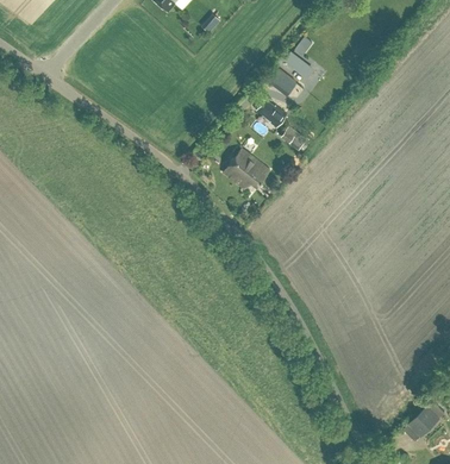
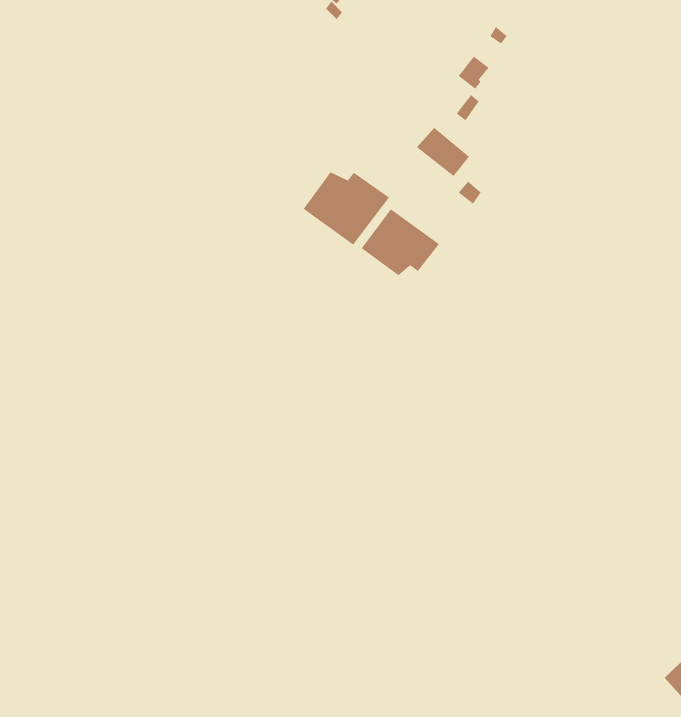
building: none -> [303,172,390,246]

